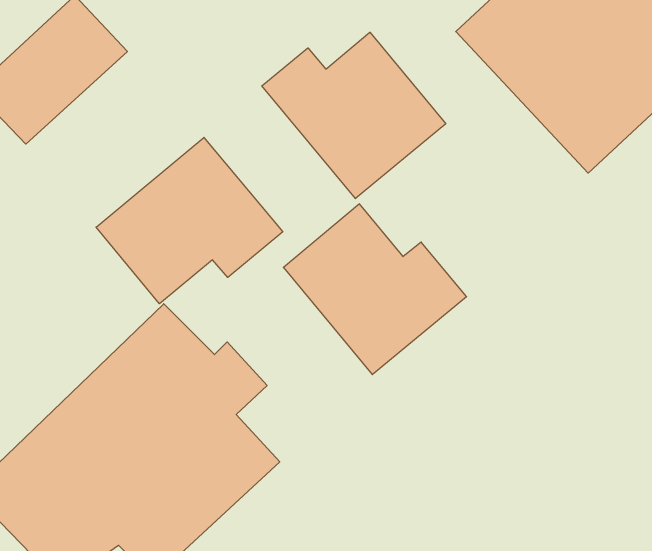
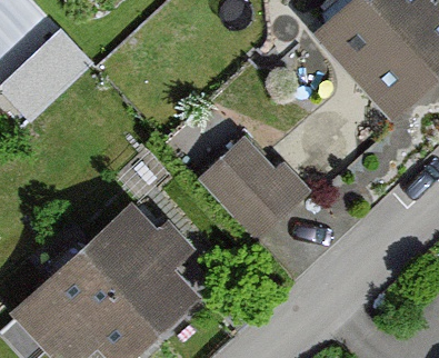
building: [262,32,446,199] -> none
building: [96,137,283,304] -> none

